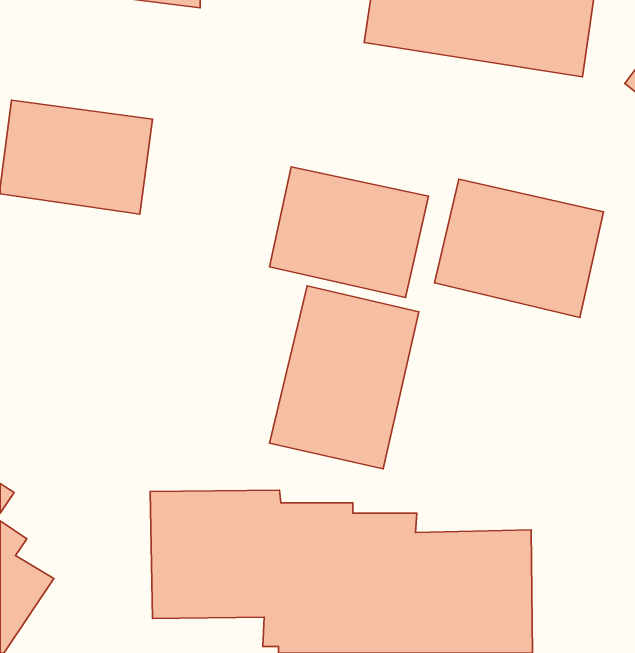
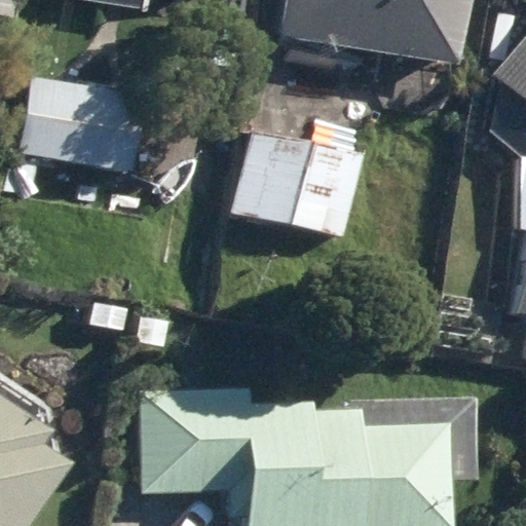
building: [434,179,604,317] -> none
building: [270,286,419,469] -> none

